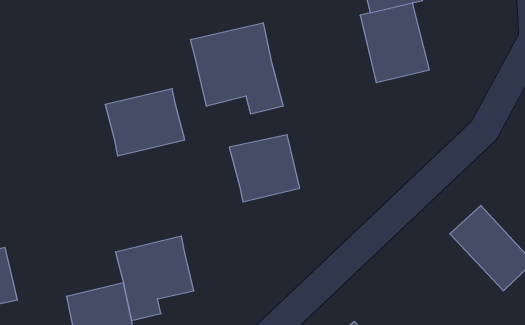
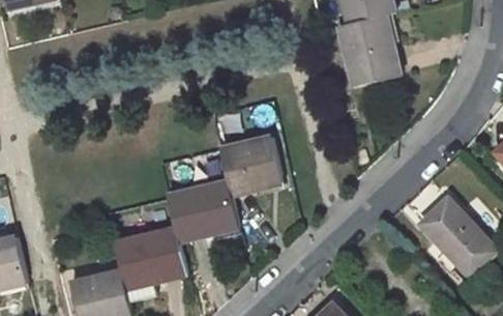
building: [190,23,283,114] -> none
building: [105,89,185,156] -> [168,179,240,240]

